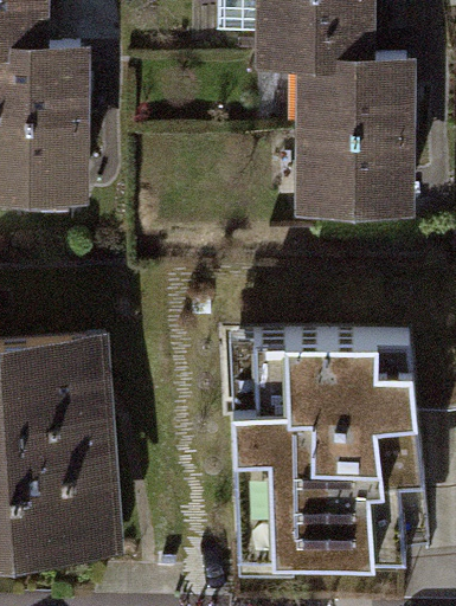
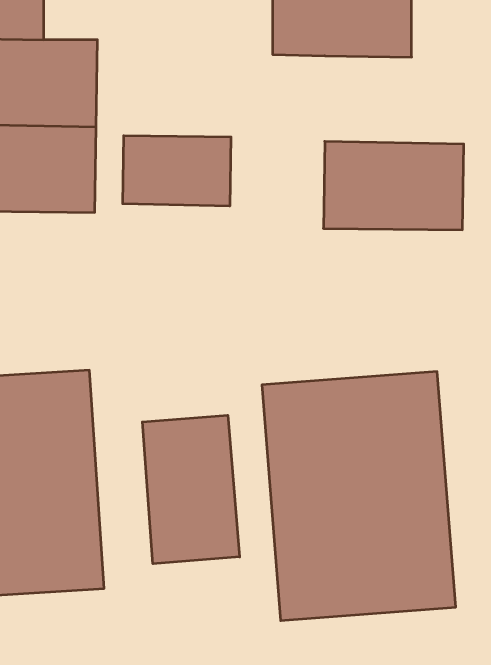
building: [293,65,417,143] -> none
building: none -> [123,136,231,206]
building: none -> [142,415,240,564]

